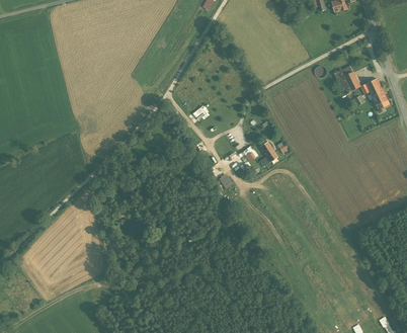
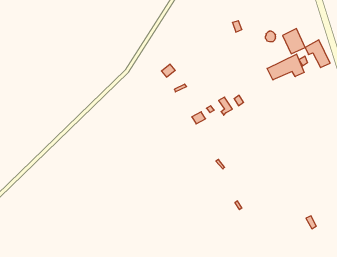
building: none -> [267,54,304,80]

